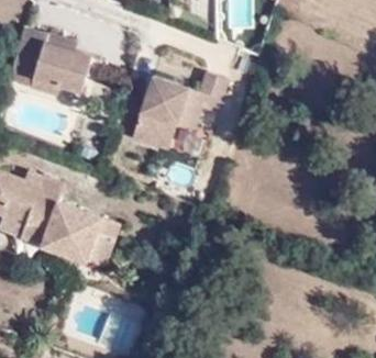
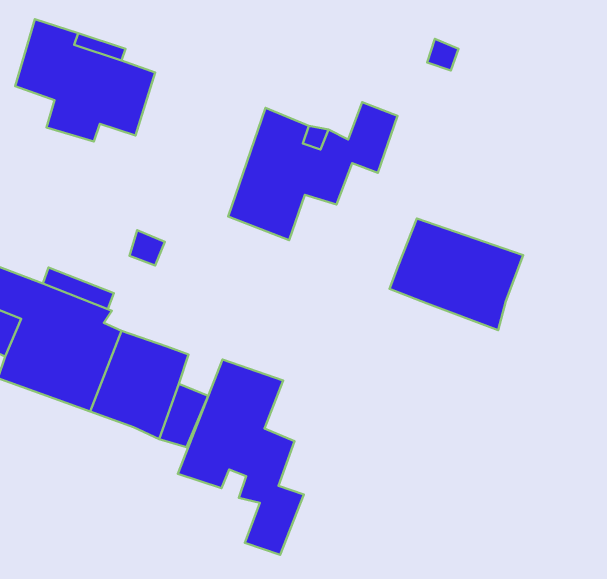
building: none -> [389,218,523,330]
building: none -> [178,360,304,555]

